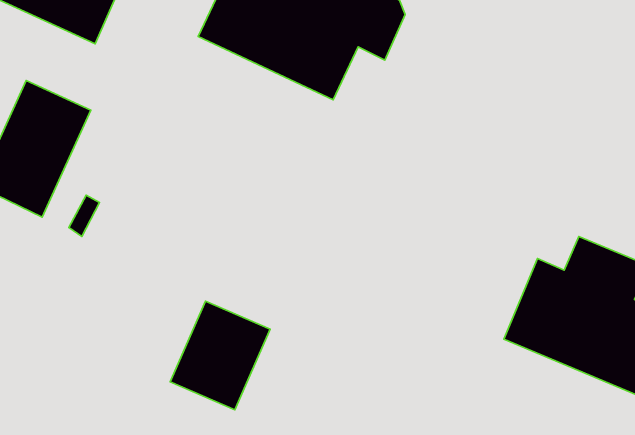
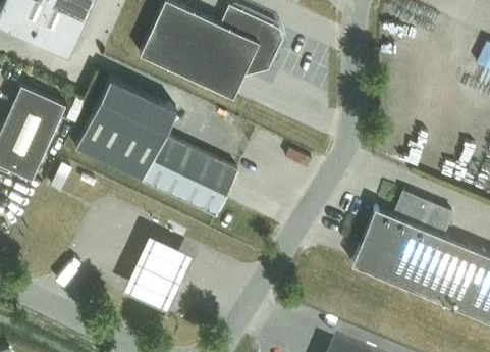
building: none -> [76,78,238,216]

